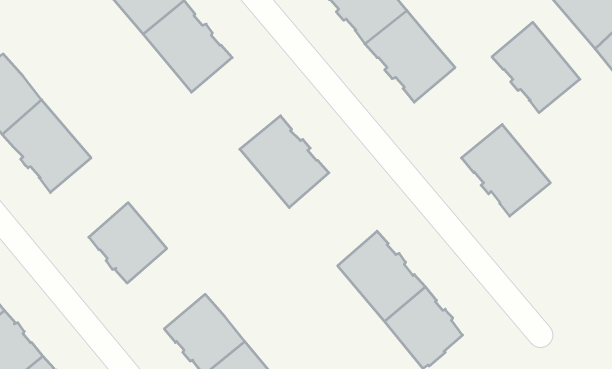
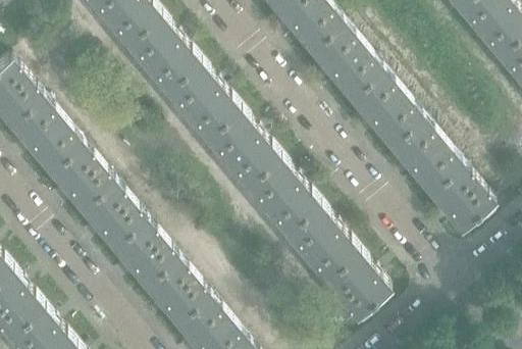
building: [492,22,580,113] -> [351,71,423,146]
building: none -> [167,63,241,139]
building: none -> [51,146,115,211]
building: none -> [248,158,320,235]
building: none -> [429,166,495,232]
building: none -> [114,220,178,287]

